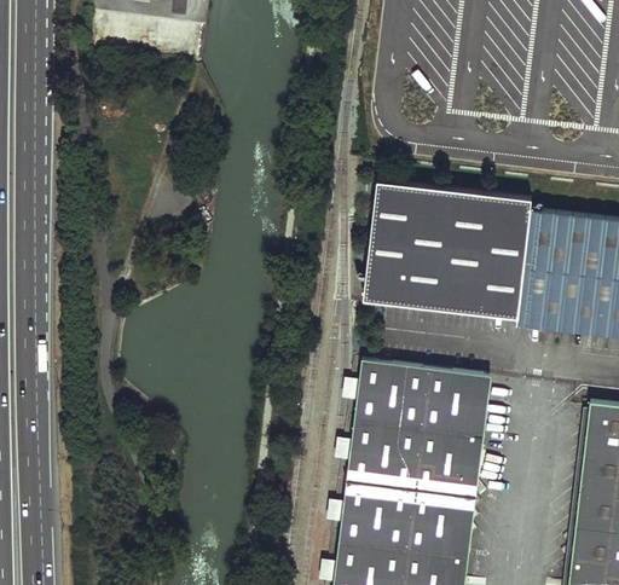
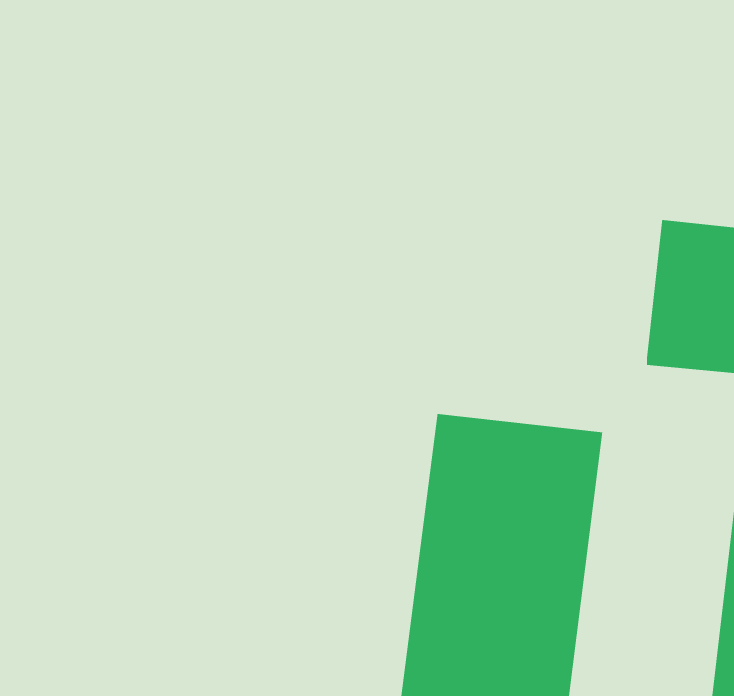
building: [369,184,534,318] -> none

